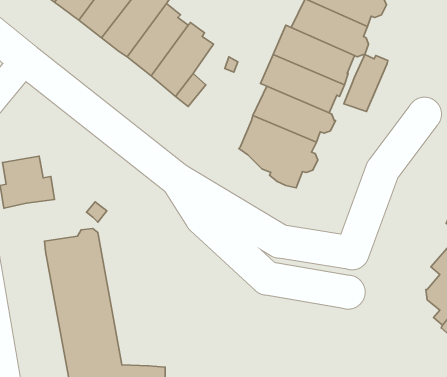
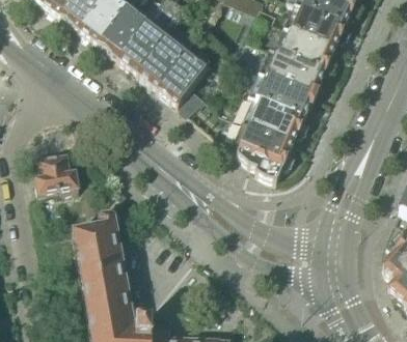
building: [344,54,388,111] -> none

